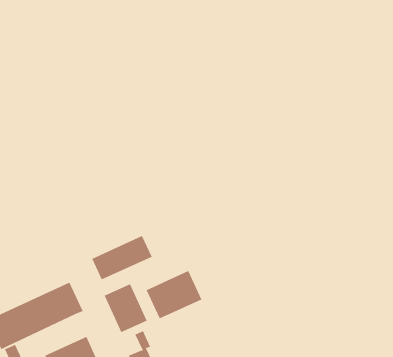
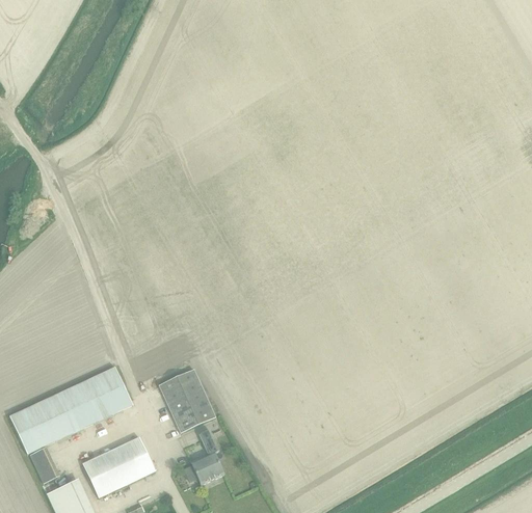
building: [91,235,152,280] -> none
building: [146,270,202,319] -> none

